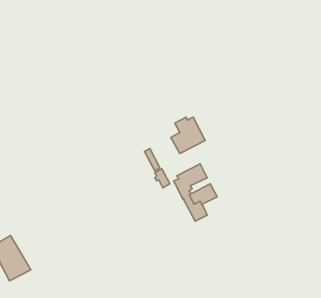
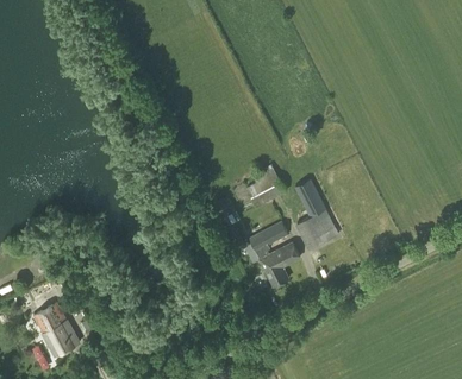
building: none -> [294,177,339,249]

